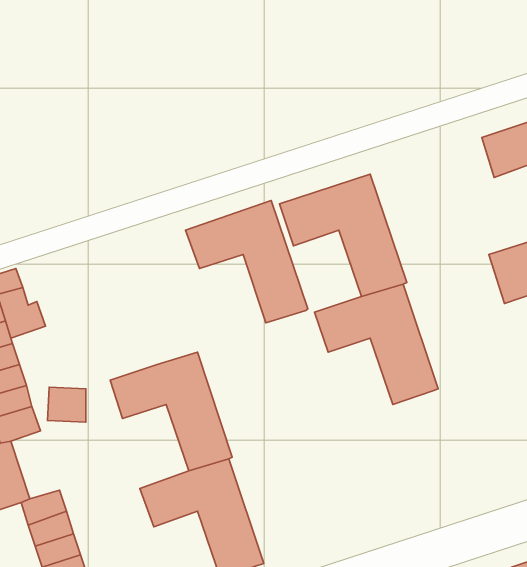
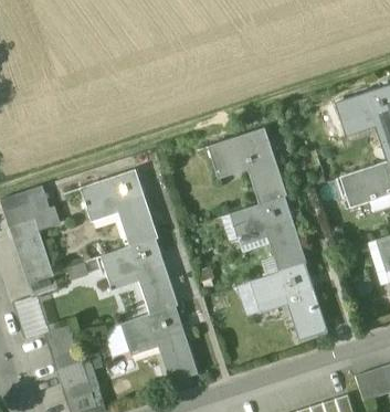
building: [186,200,308,323] -> [80,170,157,247]
building: none -> [250,264,327,340]

